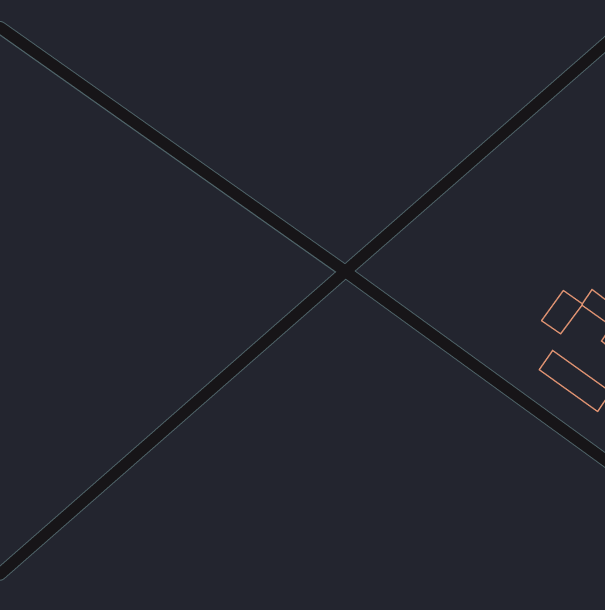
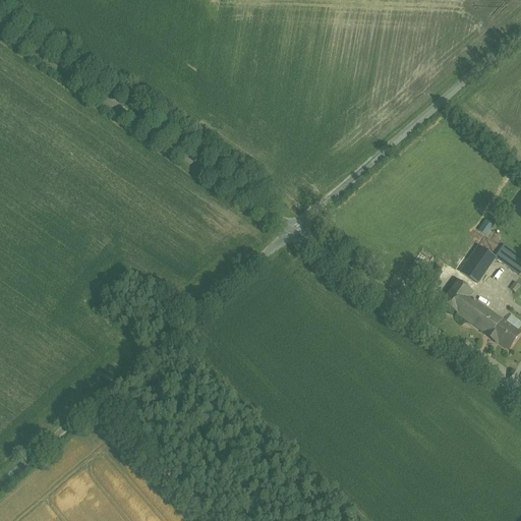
building: none -> [446,282,479,315]

